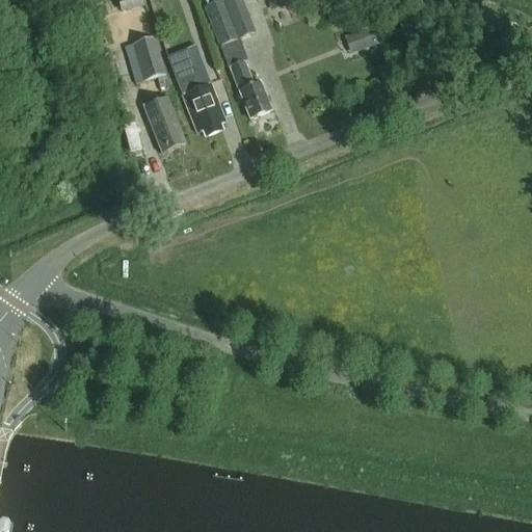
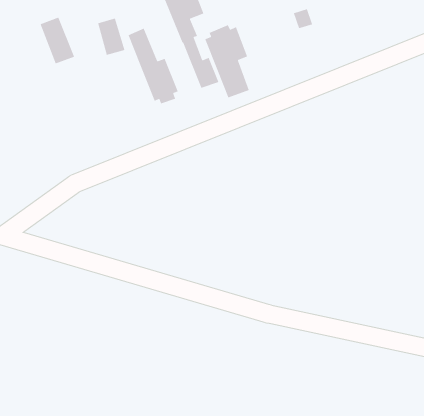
building: none -> [204,24,250,98]
building: [144,96,185,150] -> [39,17,75,64]

